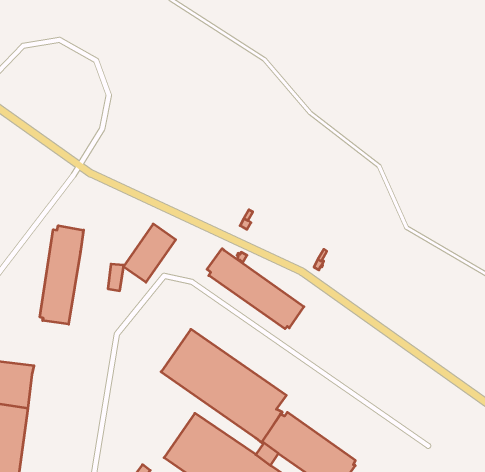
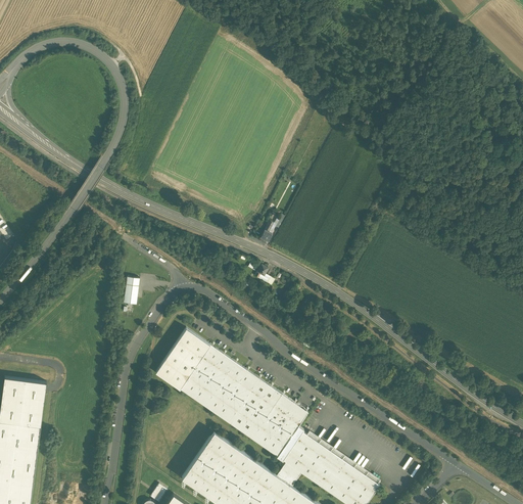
building: [123,224,176,282] -> [154,329,208,390]
building: [40,226,84,324] -> none
building: [207,249,304,329] -> none

